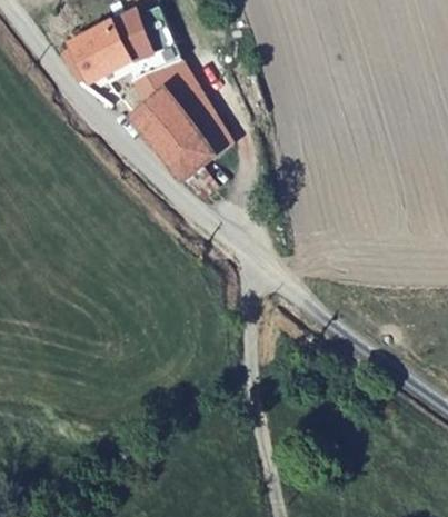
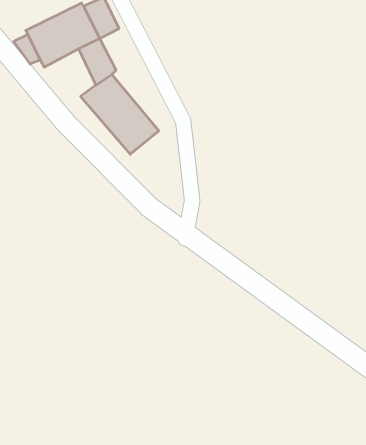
building: [165,77,228,151] -> none

